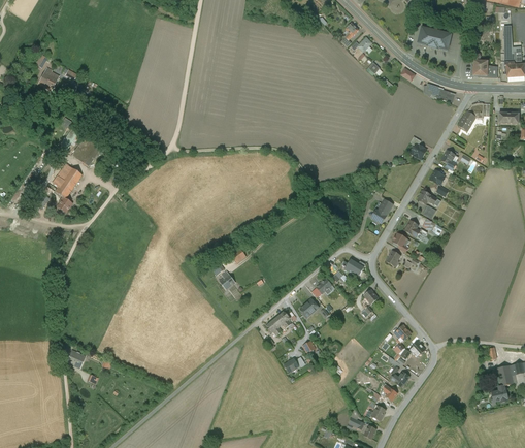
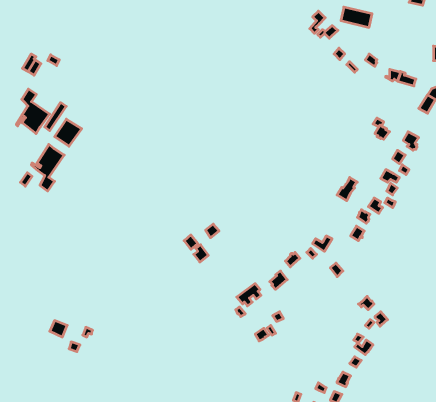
building: [418,28,451,50] -> [341,7,372,27]
building: none -> [16,89,50,134]

